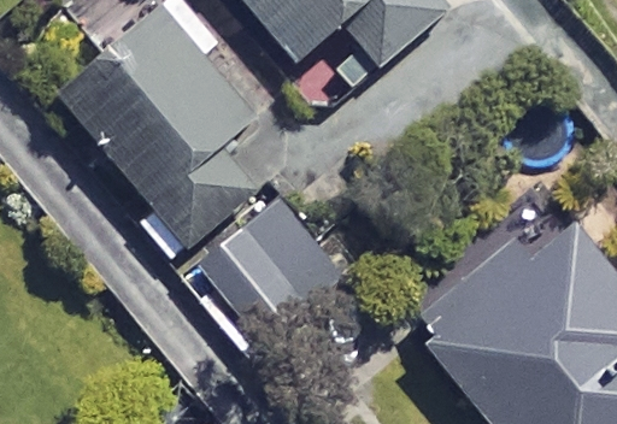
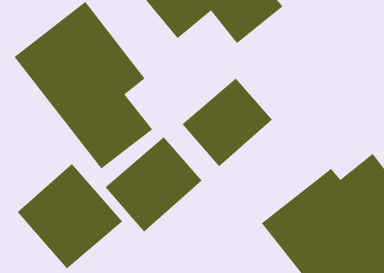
building: none -> [181,77,273,167]
building: none -> [17,163,123,269]

